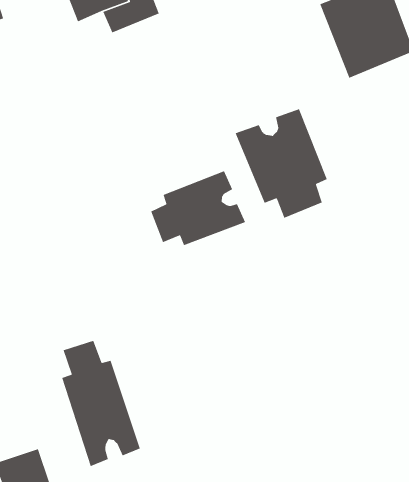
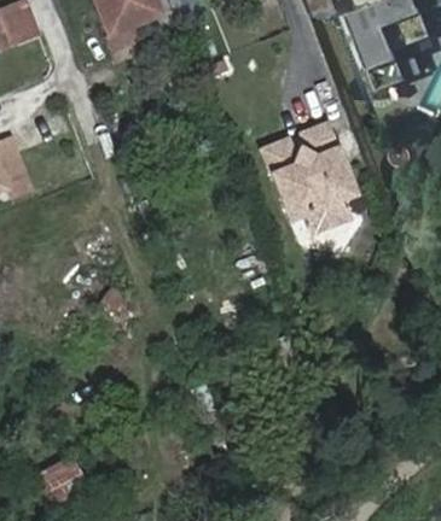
building: [150,170,246,246] -> none
building: [61,340,141,467] -> none

